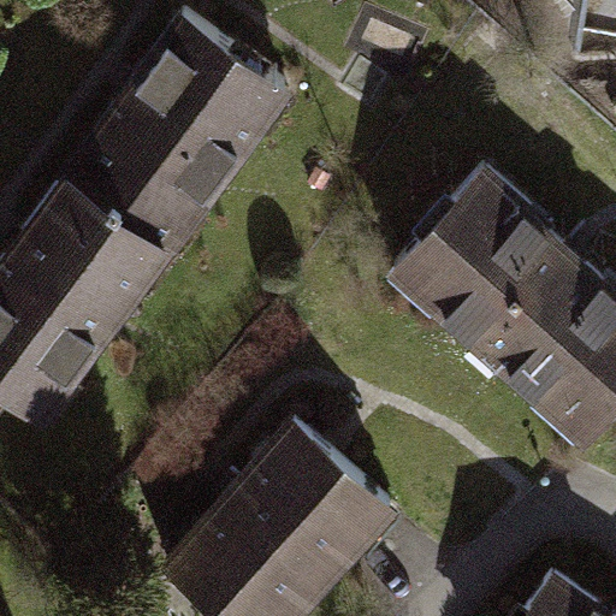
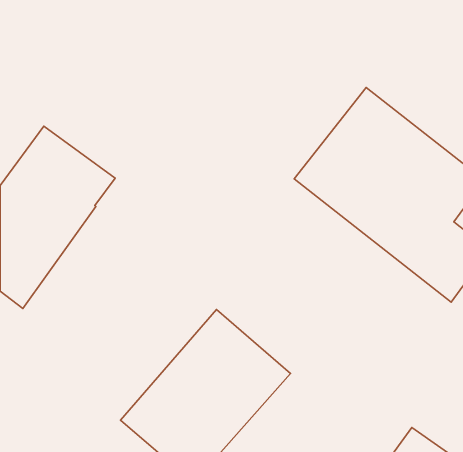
building: [63,24,279,256] -> none

